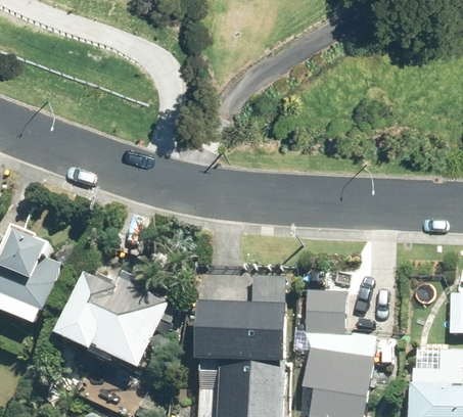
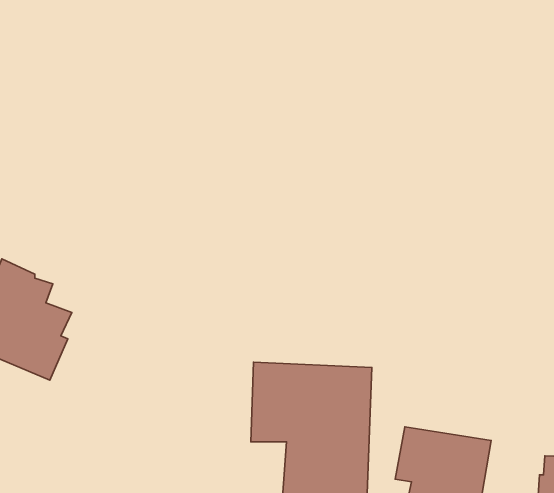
building: [53,273,169,367] -> none
building: [306,288,345,336] -> none

